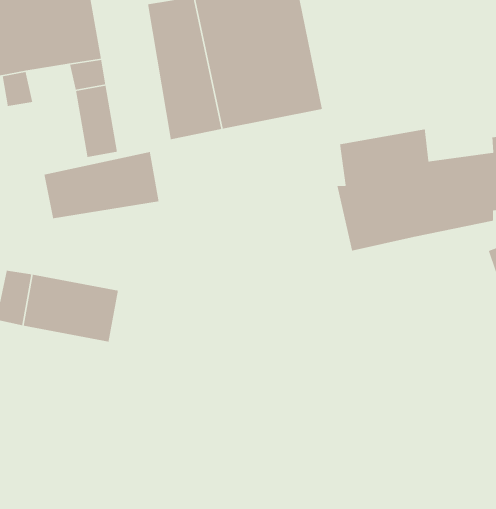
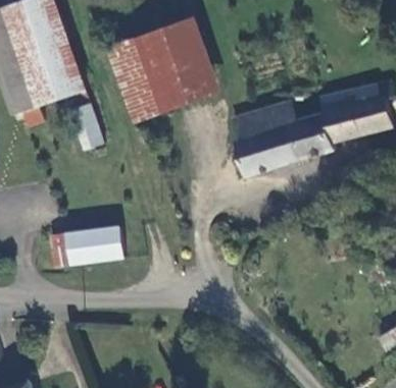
building: [44,151,159,219] -> none

